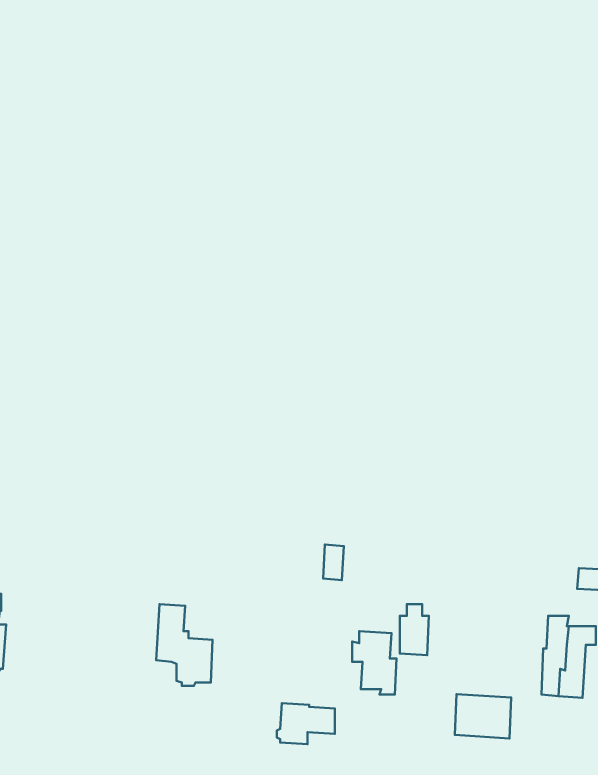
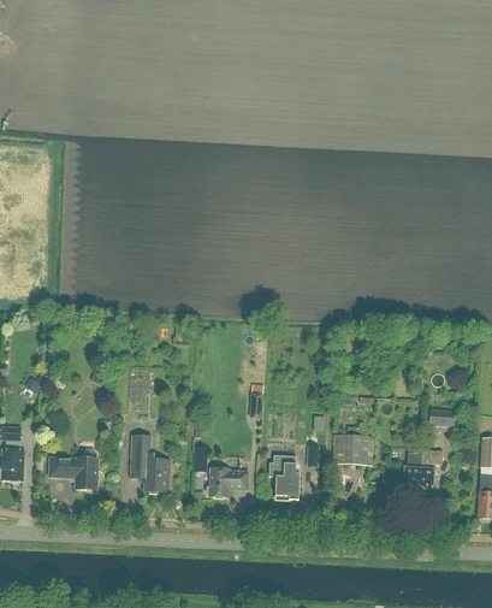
building: none -> [48,458,97,490]
building: [455,694,511,738] -> [332,433,372,465]
building: [277,703,335,744] -> [206,467,247,496]

